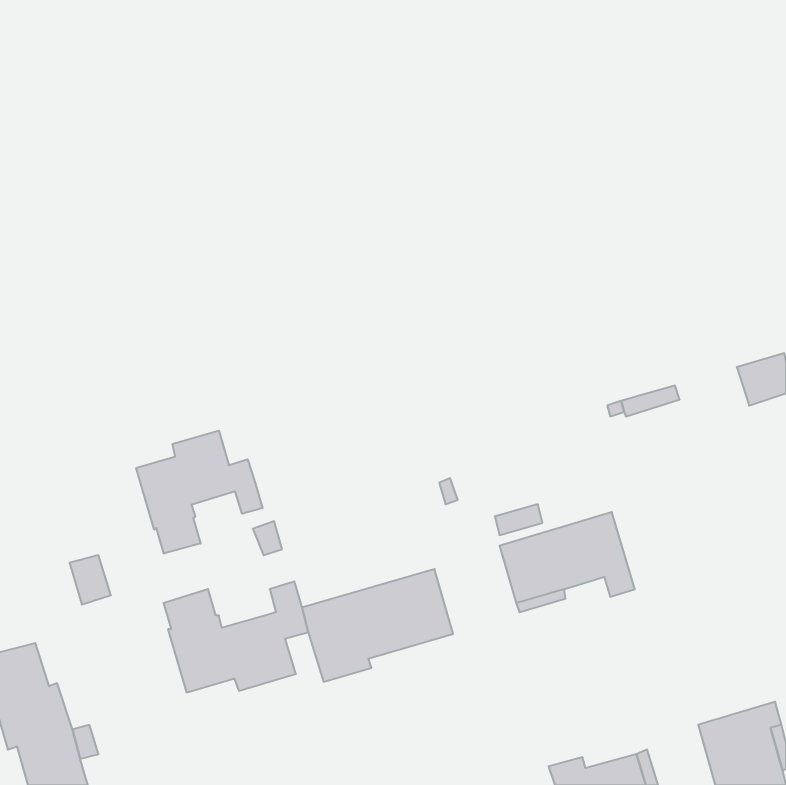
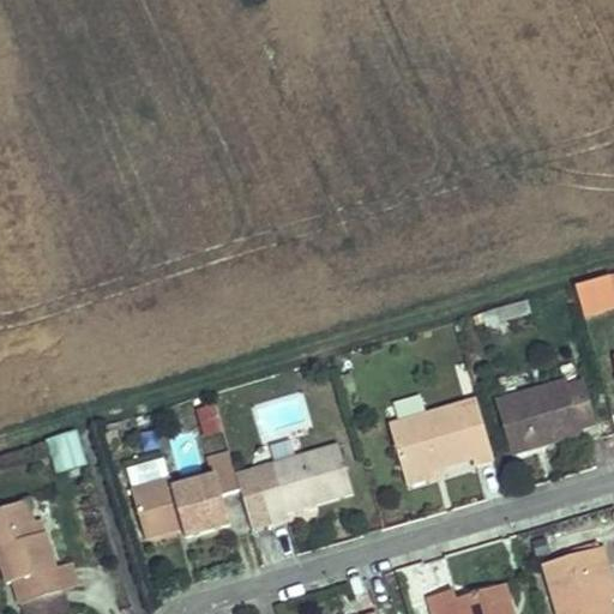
building: [136,431,263,554] -> none
building: none -> [492,367,596,455]

